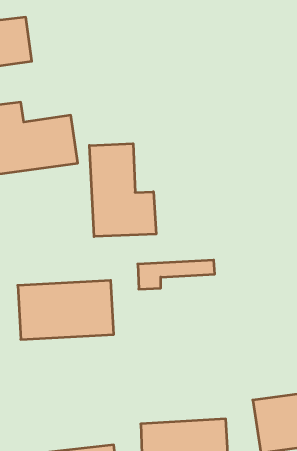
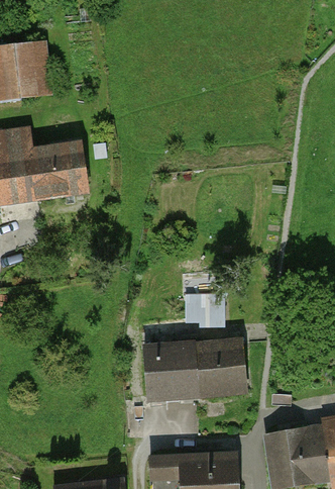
building: [89,144,156,237] -> none
building: [18,280,114,339] -> [145,339,242,399]

